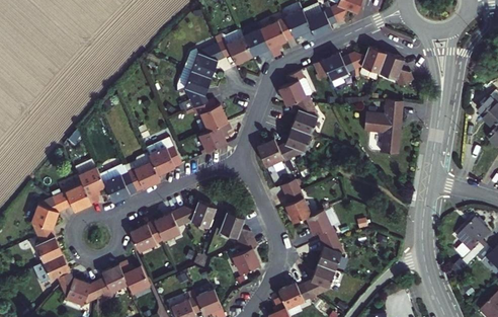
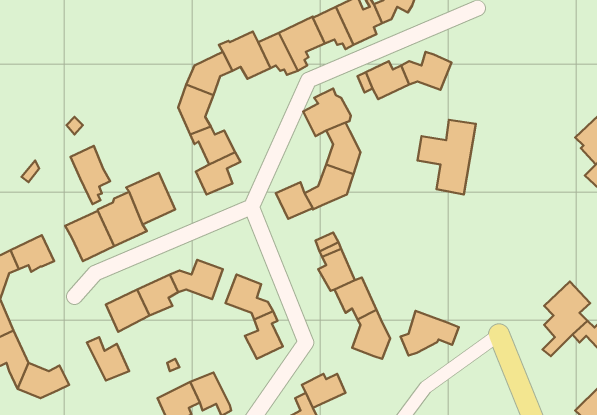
building: [380,53,417,87] -> none
building: [76,157,105,201] -> [71,146,110,204]
building: [95,261,127,304] -> none
building: [303,265,346,299] -> [400,311,459,356]

